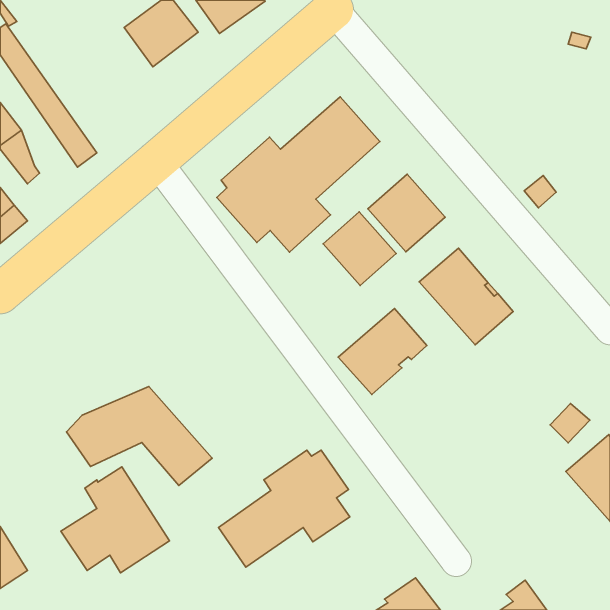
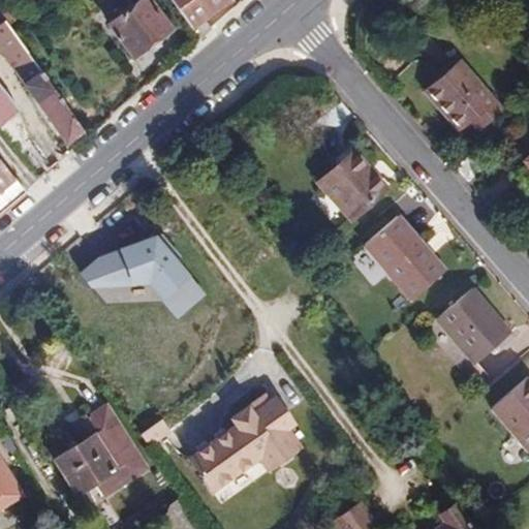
building: none -> [424,63,501,130]
building: [217,97,380,252] -> none
building: [323,212,396,285] -> none
building: [338,309,427,394] -> none
building: none -> [435,287,510,364]
building: [67,387,212,486] -> [82,232,208,318]

